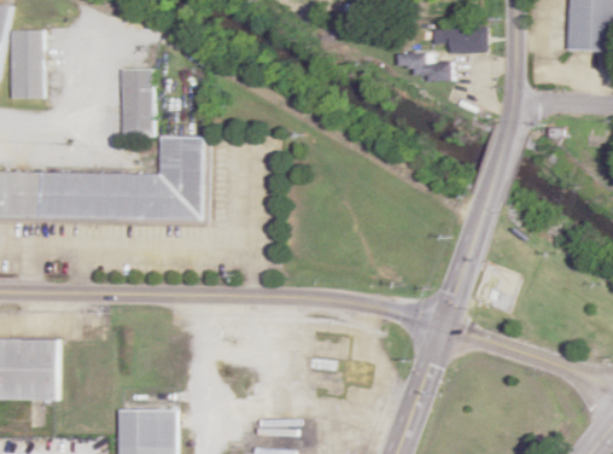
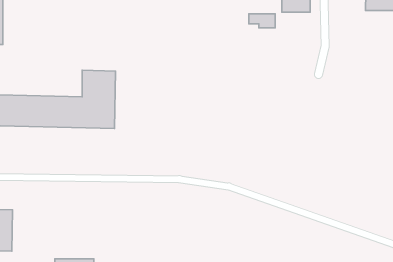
building: [119,69,152,136] -> none

